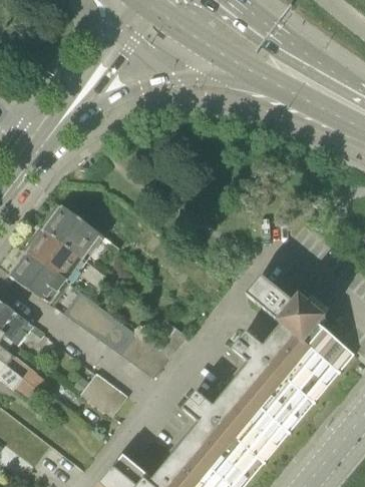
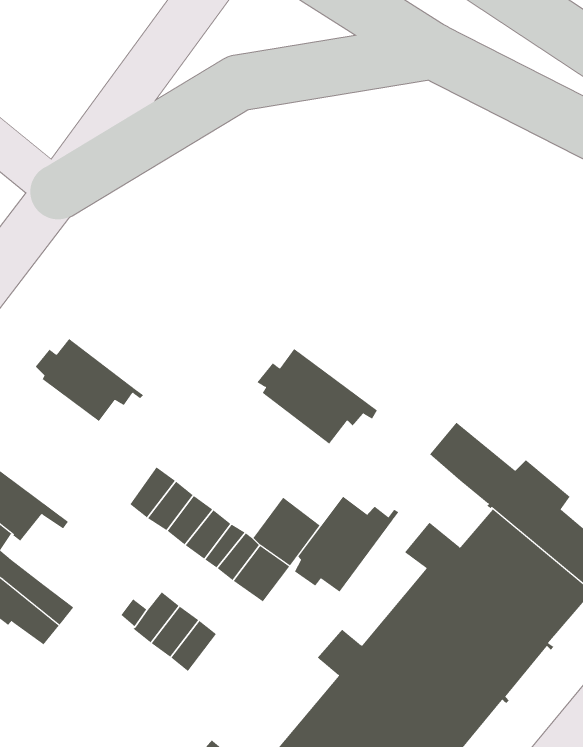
building: [42,205,110,260] -> [256,348,378,444]
building: [11,254,66,307] -> none
building: [64,292,94,324] -> none
building: none -> [294,496,399,593]

